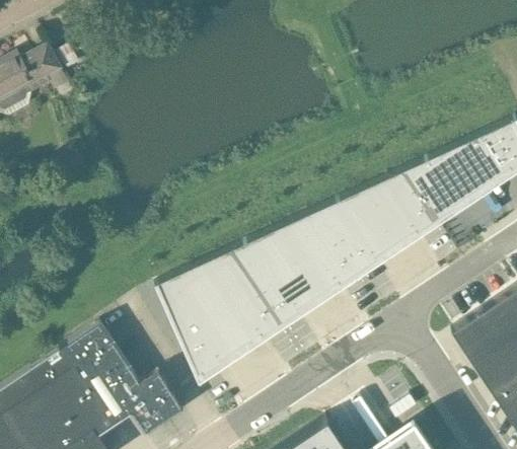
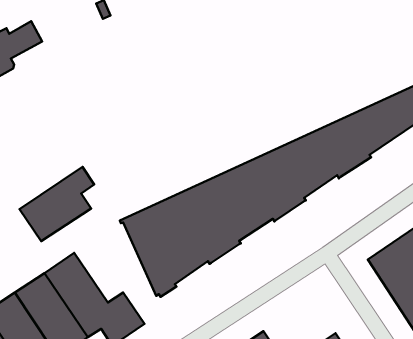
building: none -> [19,167,94,241]

